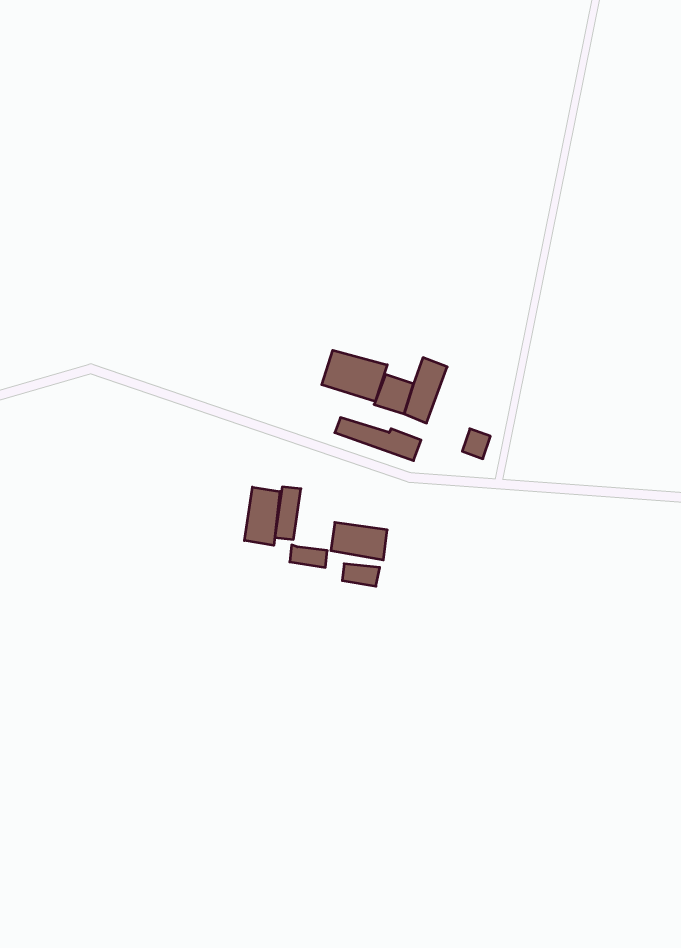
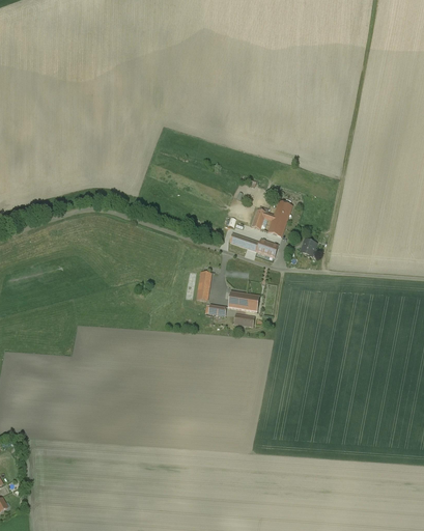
building: [322,350,387,402] -> none
building: [244,487,280,545] -> none

